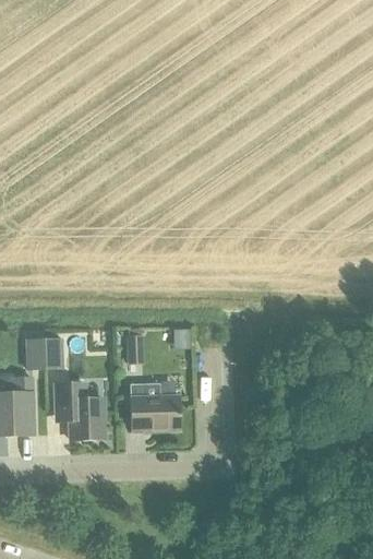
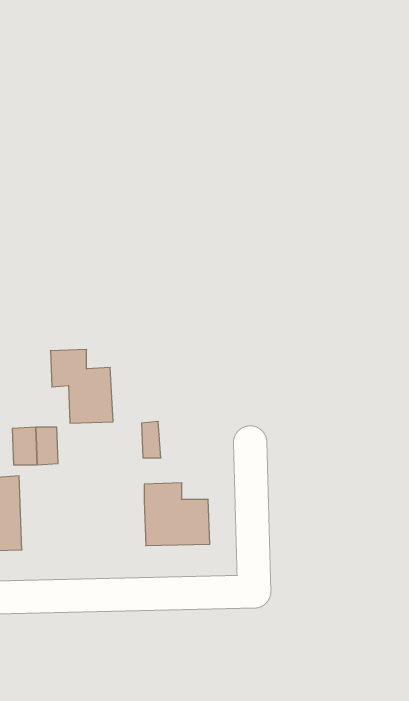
building: [56,382,105,440] -> [50,349,113,423]

